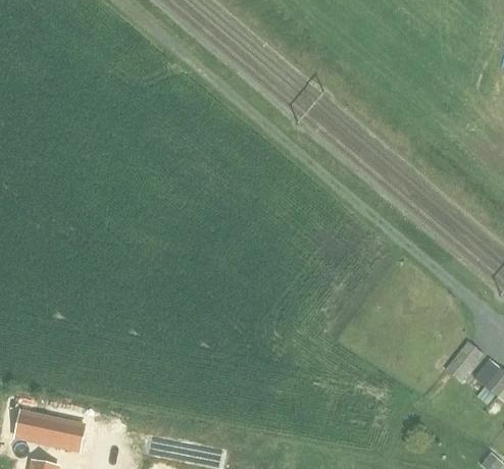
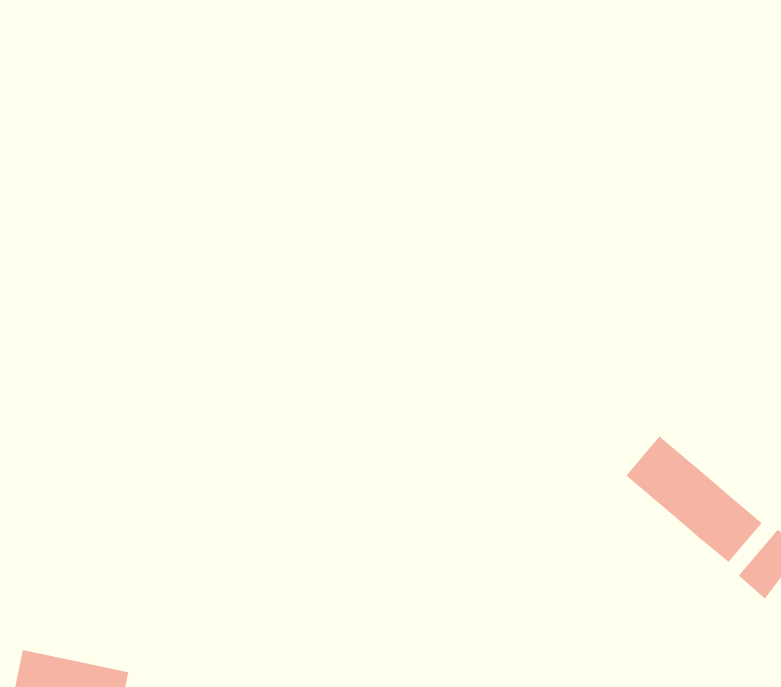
building: none -> [625,436,763,563]

